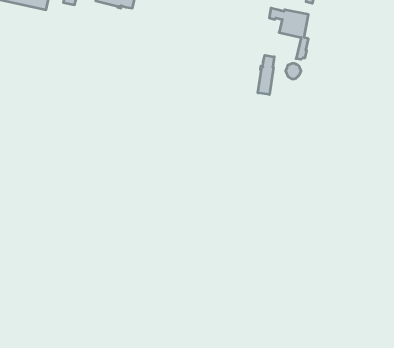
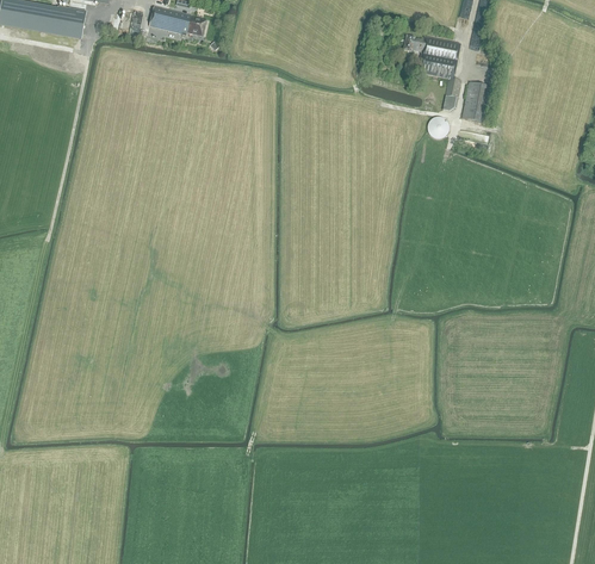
building: none -> [460,81,491,123]
building: [258,55,274,95] -> none

